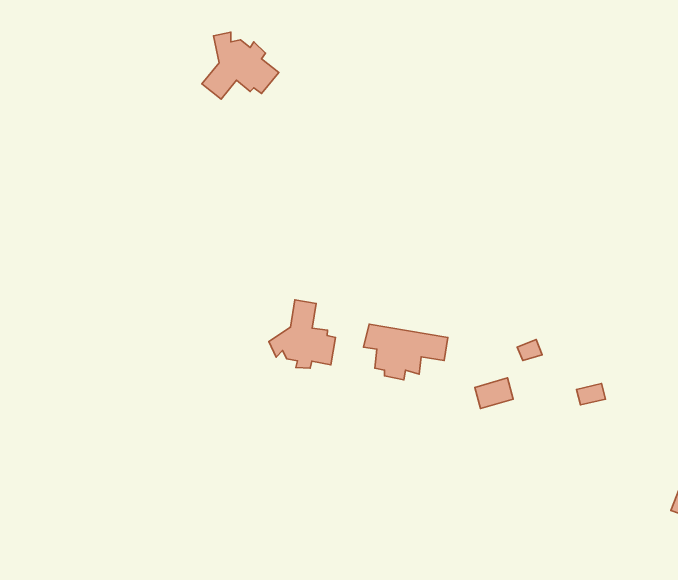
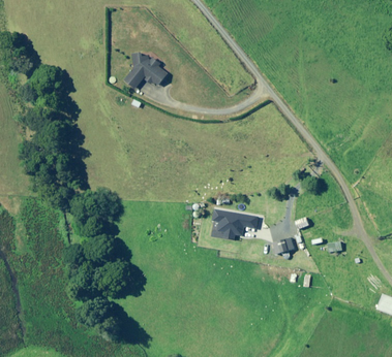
building: [269,300,335,368] -> none

